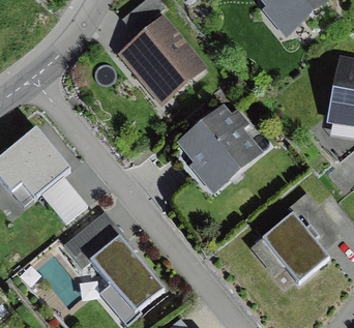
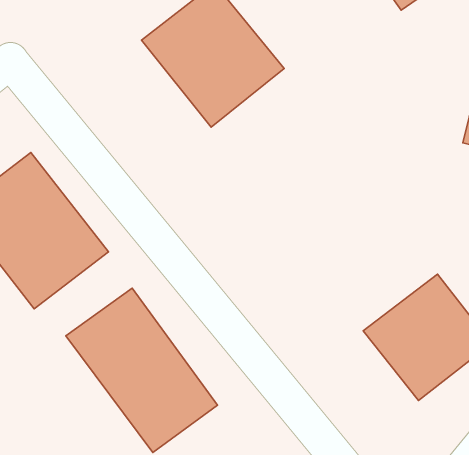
building: [170,102,265,196] -> none

